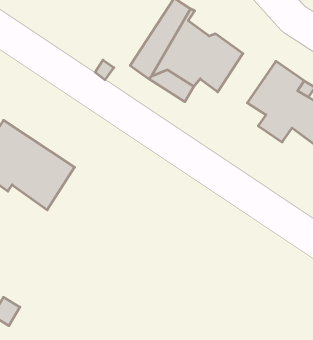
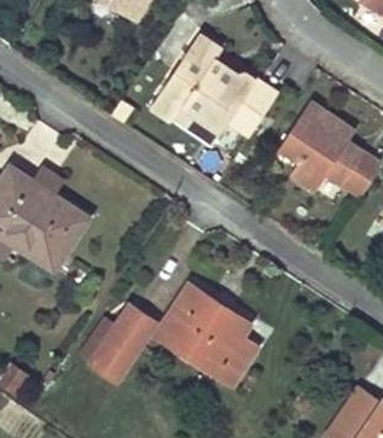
building: none -> [156,285,255,384]
building: none -> [91,306,155,380]

